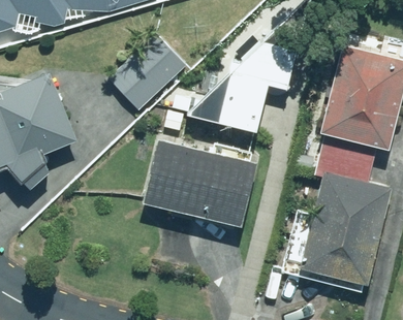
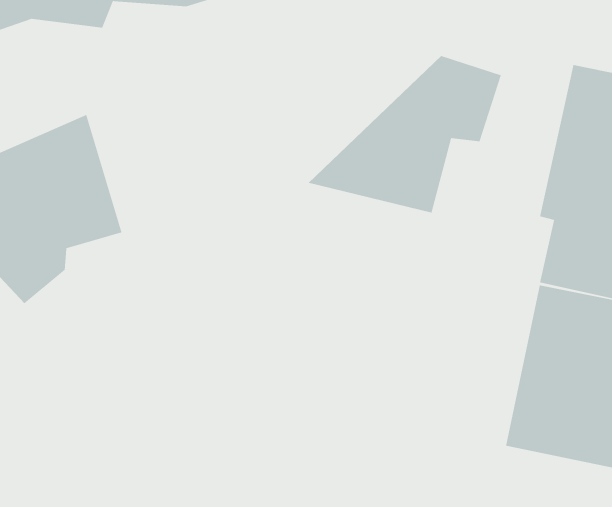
building: [114,31,191,108] -> none
building: [140,139,256,228] -> none

